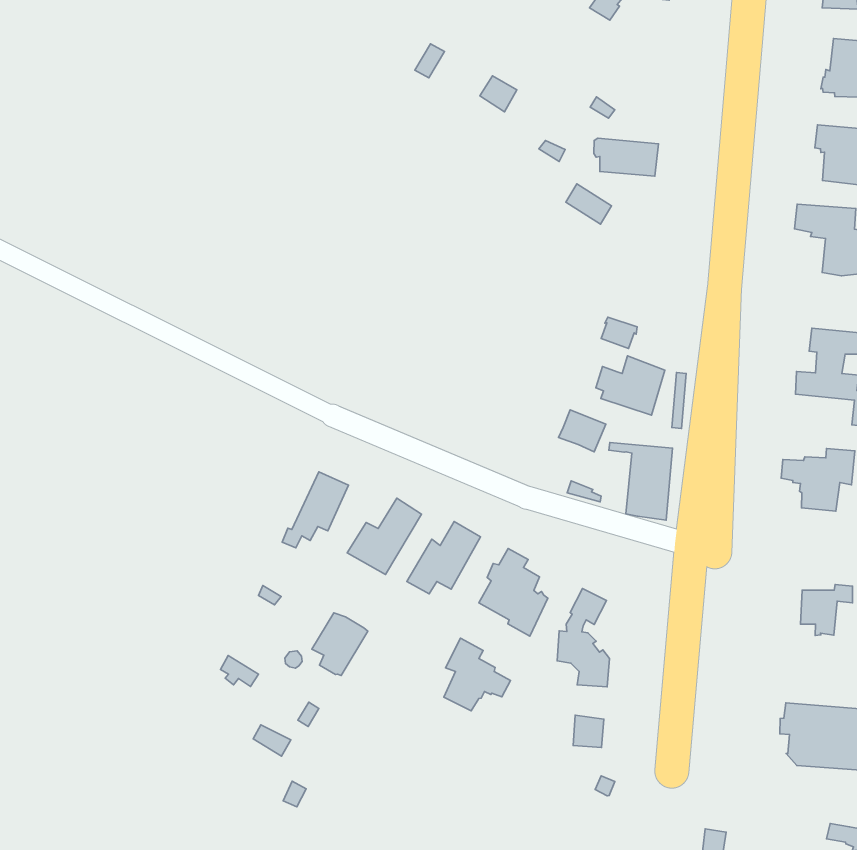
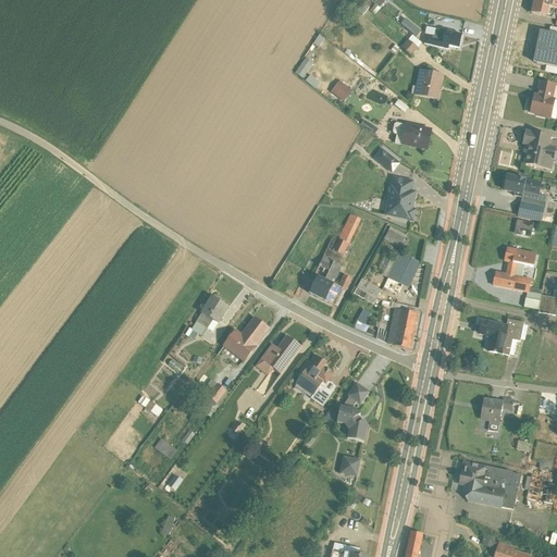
building: none -> [413,67,442,98]
building: none -> [384,176,414,219]
building: none -> [309,213,360,305]
building: [444,638,510,711] -> none

